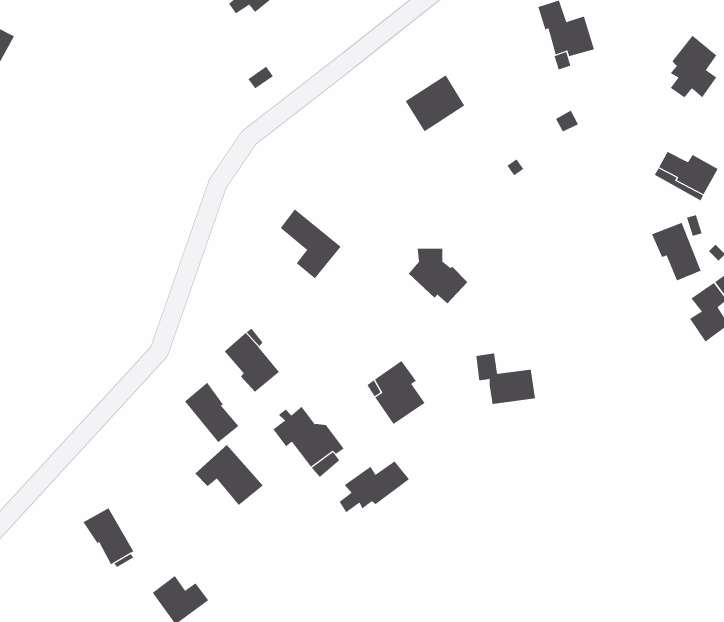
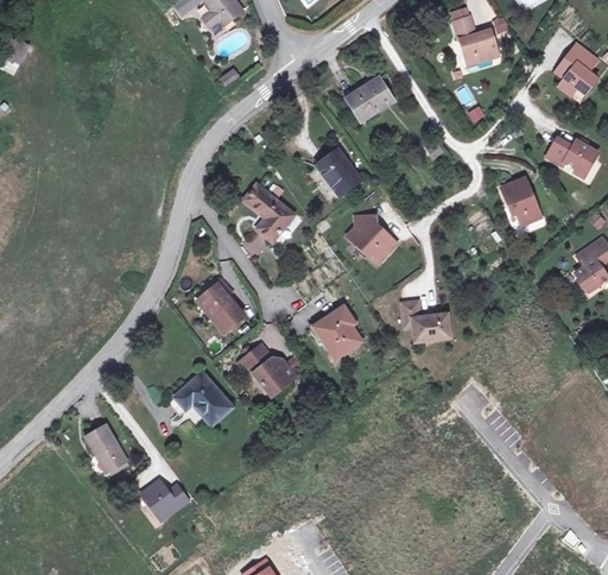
building: none -> [317,150,359,194]
building: [651,222,701,281] -> [500,177,540,225]
building: [184,382,239,443] -> none
building: [339,461,410,513] -> none

